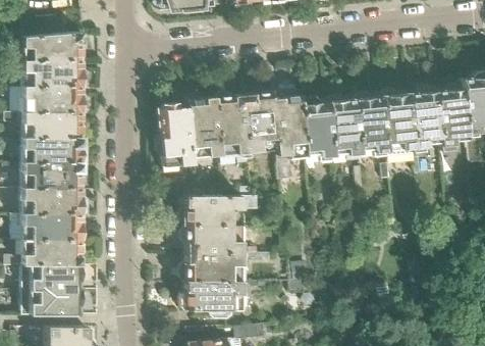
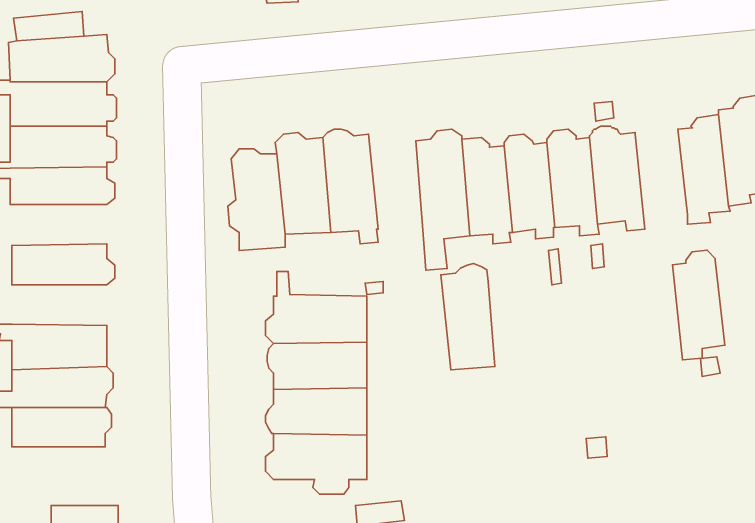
building: [408,86,440,154] -> [673,250,725,360]
building: [241,88,275,154] -> [441,263,495,370]
building: [18,139,84,164] -> none
building: [19,189,85,214] -> none
building: [19,290,82,315] -> none

